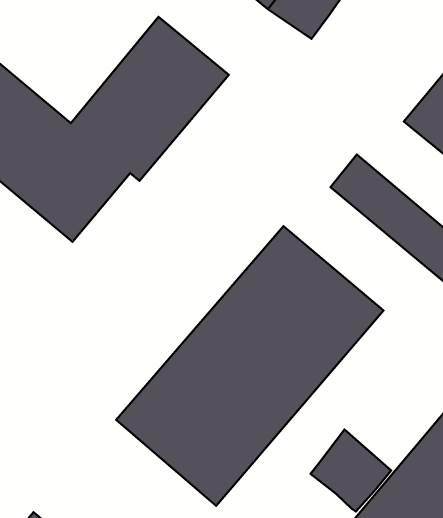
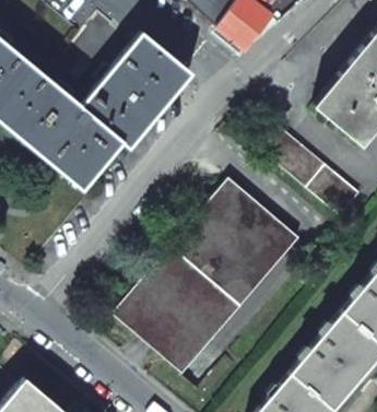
building: [311,429,391,512] -> none

